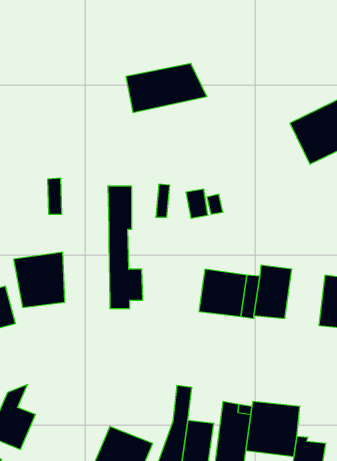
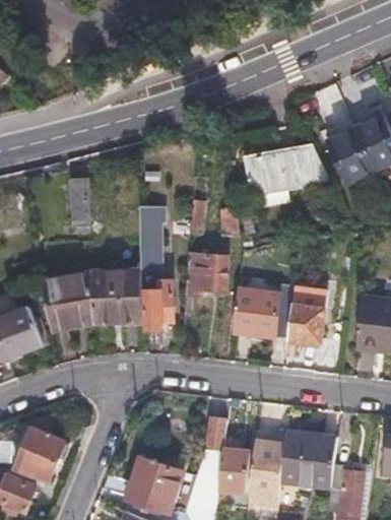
building: [126,63,207,113] -> [246,148,328,198]
building: none -> [183,258,230,315]
building: none -> [94,266,142,325]

